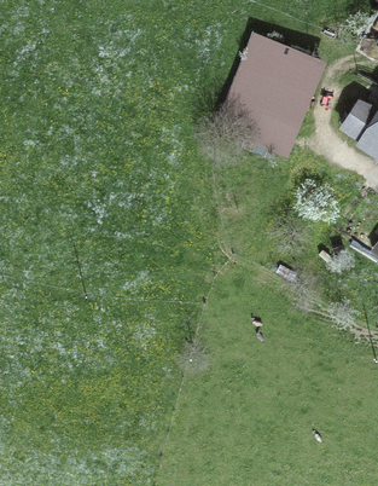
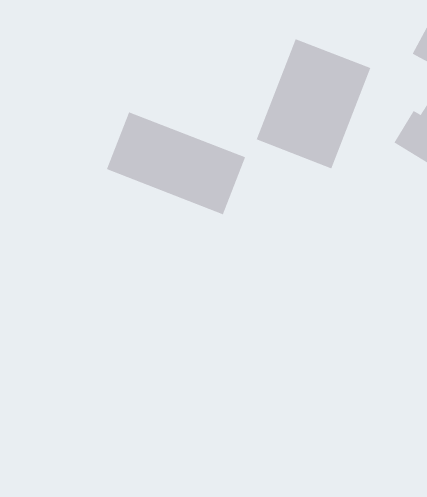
building: none -> [106,111,246,215]

